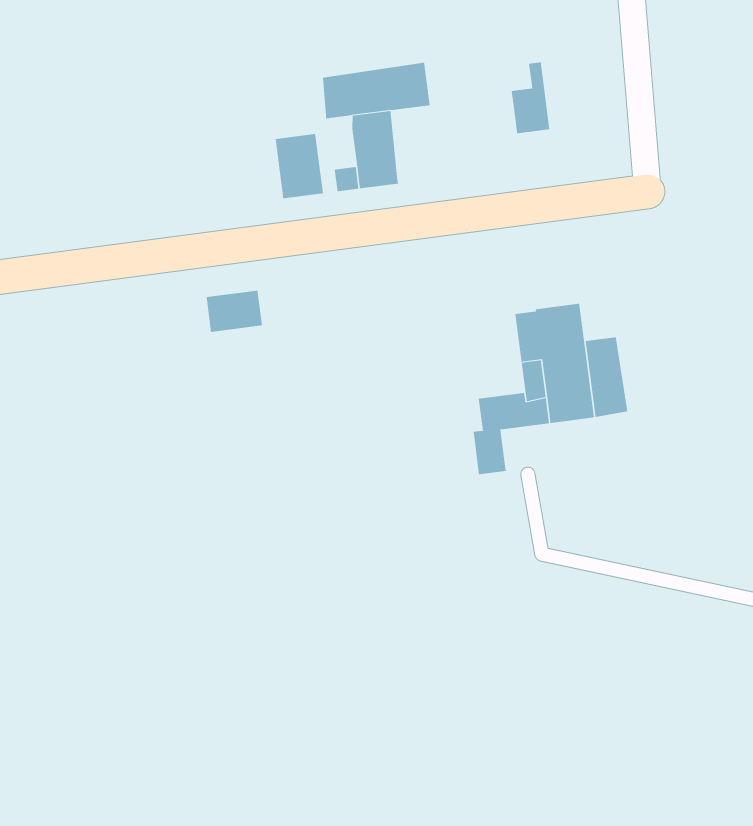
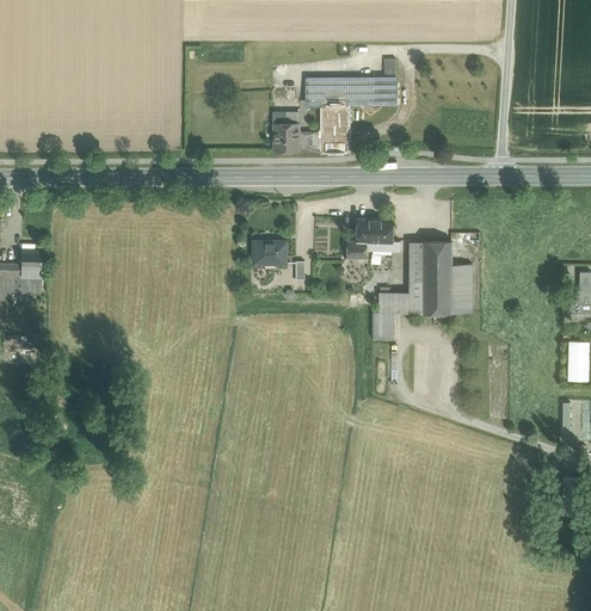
building: [511,62,550,134] -> [373,62,394,105]
building: none -> [346,218,399,259]
building: [206,290,263,332] -> [252,241,285,264]

